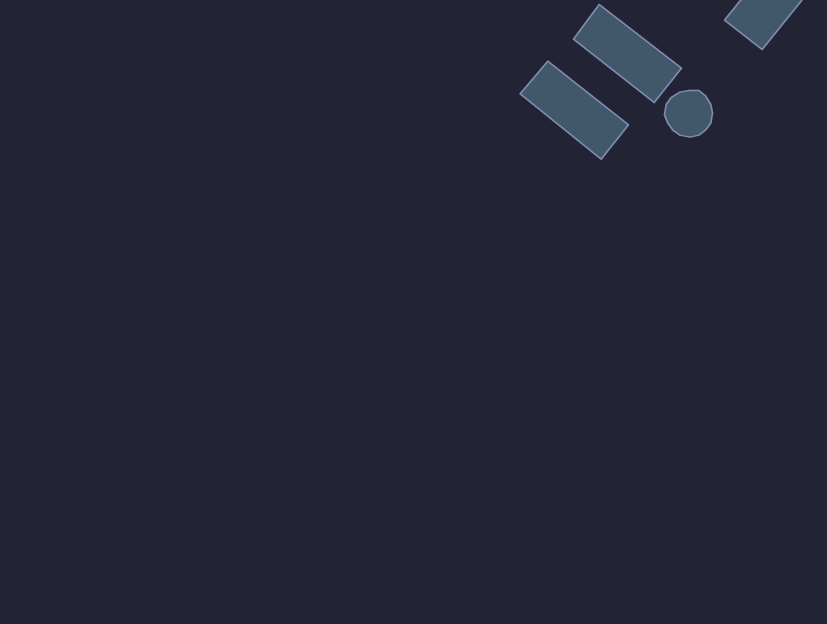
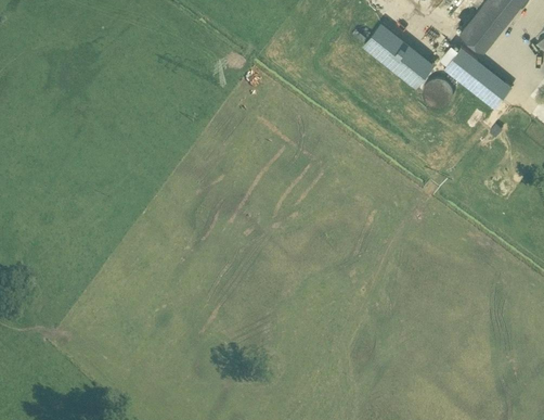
building: [520,61,629,159] -> [443,48,511,110]

